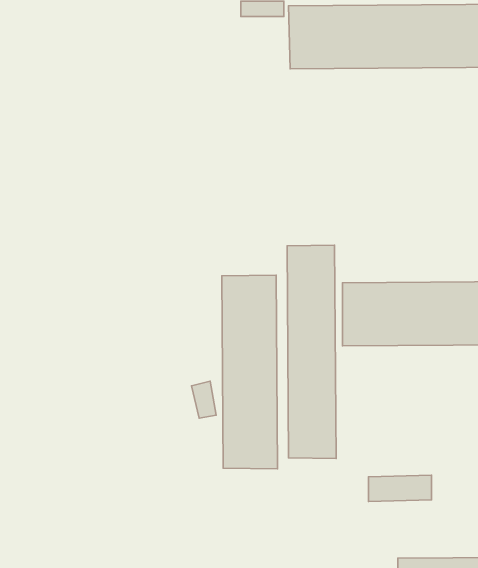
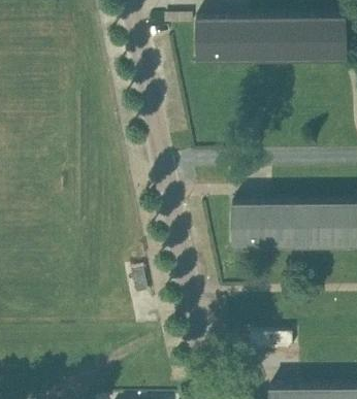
building: [287,245,336,459] -> none
building: [222,275,277,469] -> none

